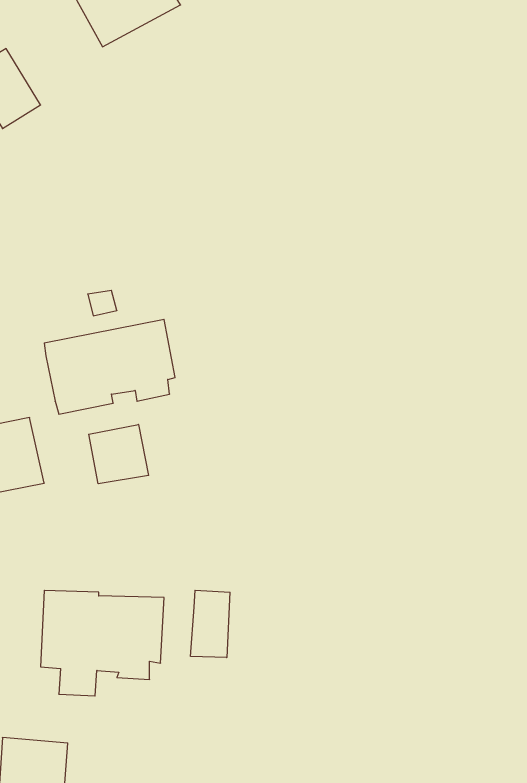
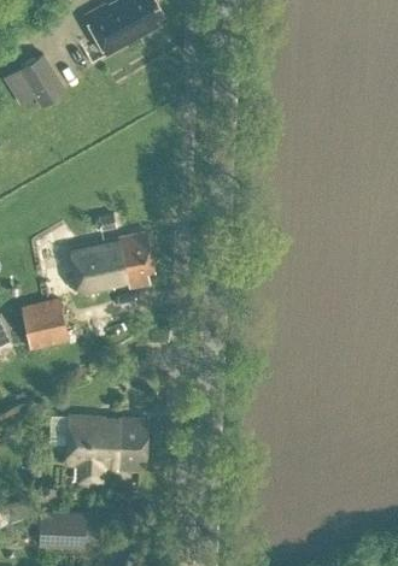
building: [89,424,149,484] -> none
building: [191,590,230,658] -> none

